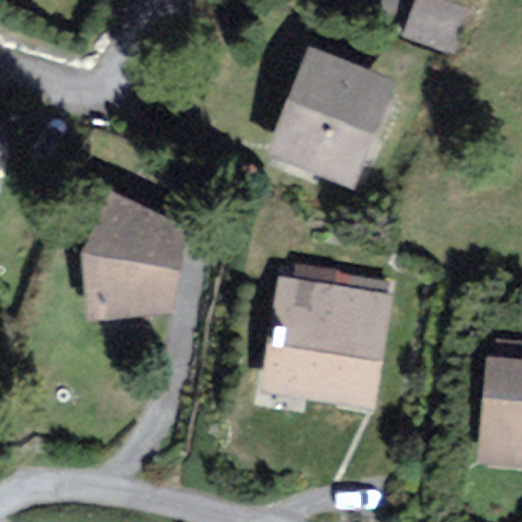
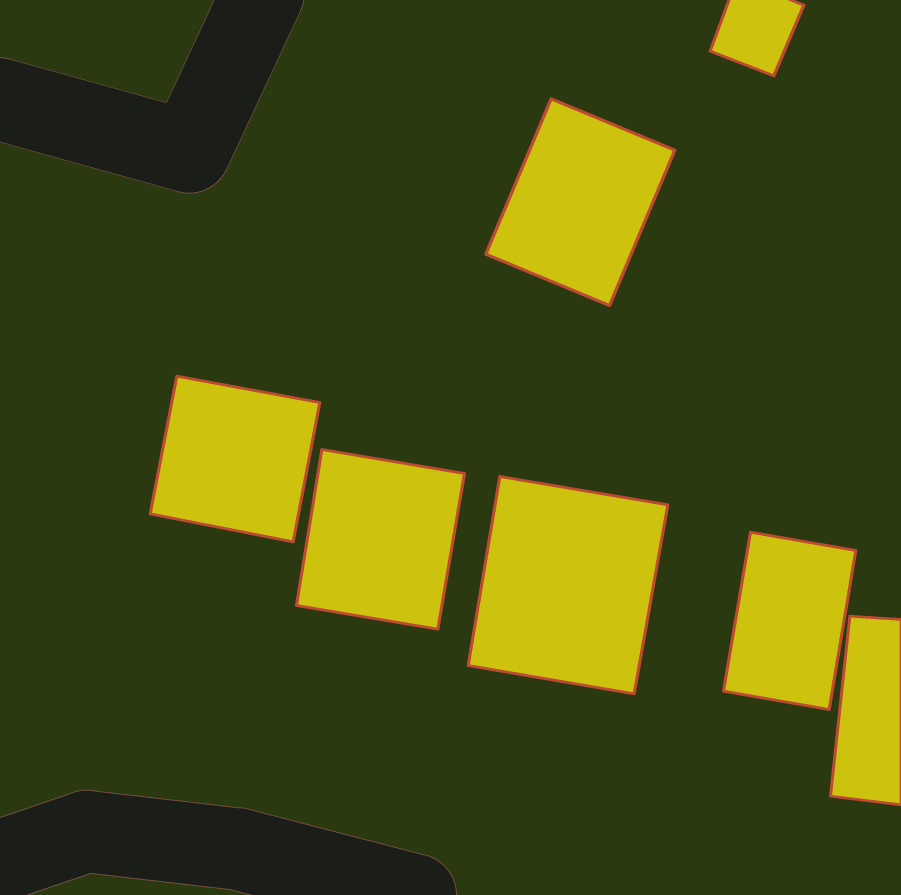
building: none -> [296,449,465,629]
building: none -> [724,532,856,710]

